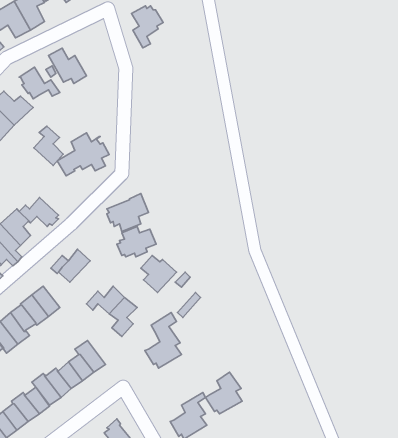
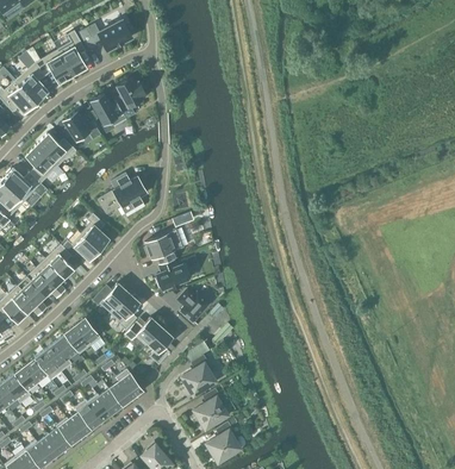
building: [131,6,163,48] -> [117,79,147,118]
building: [34,126,63,165] -> [82,213,110,250]
building: none -> [111,293,141,330]
building: [206,372,242,414] -> [193,388,228,427]

